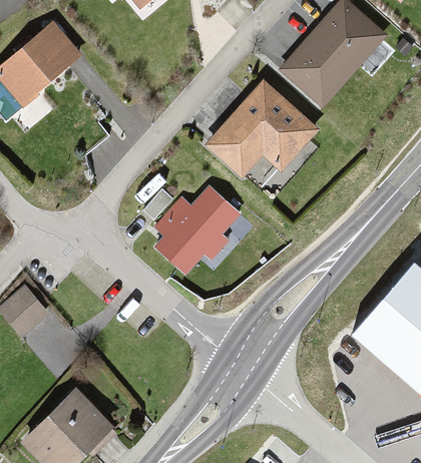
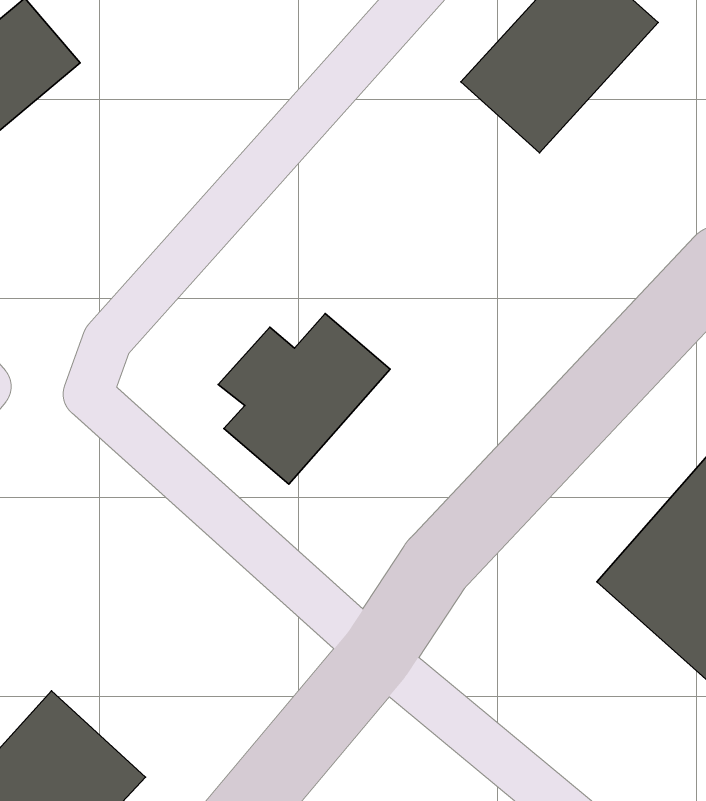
building: [208,82,316,190] -> none

